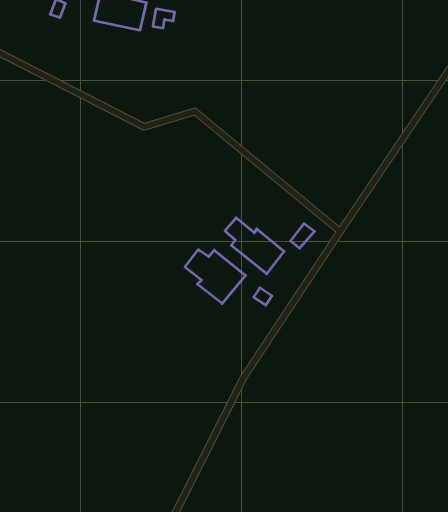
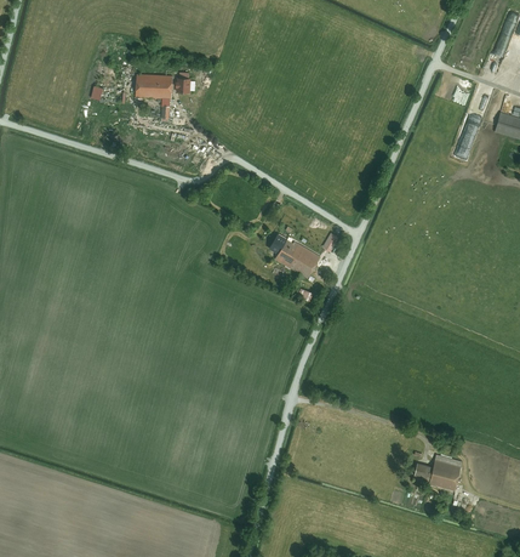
building: [185,250,246,304] -> none

